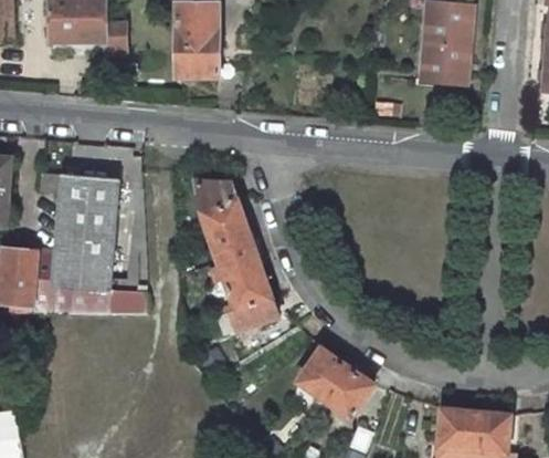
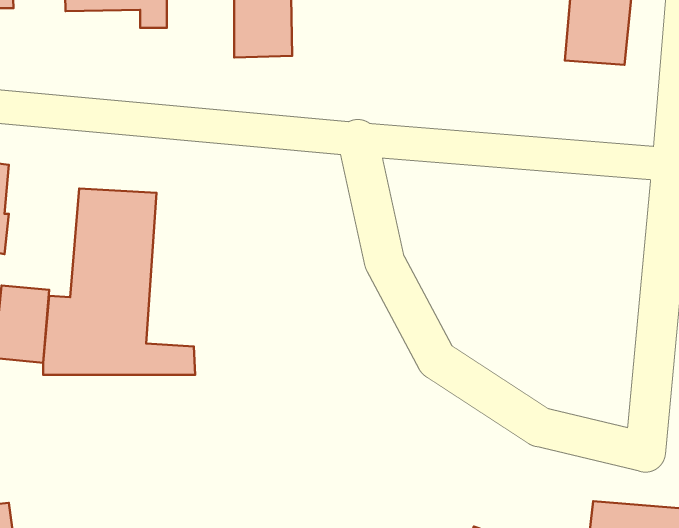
building: [198,181,278,330] -> none
building: [297,345,374,416] -> none

